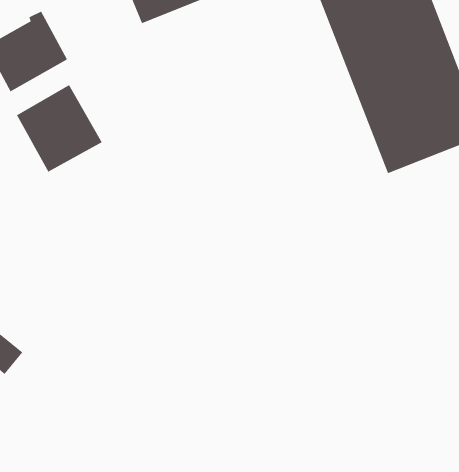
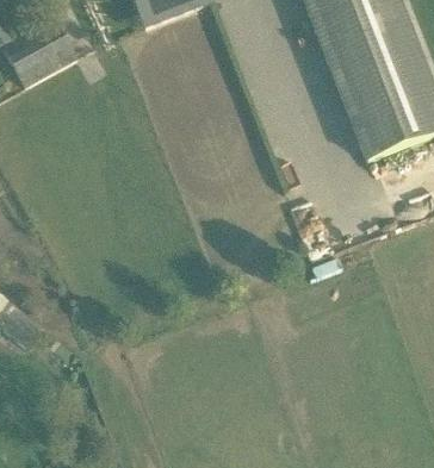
building: [16,84,102,173] -> none

